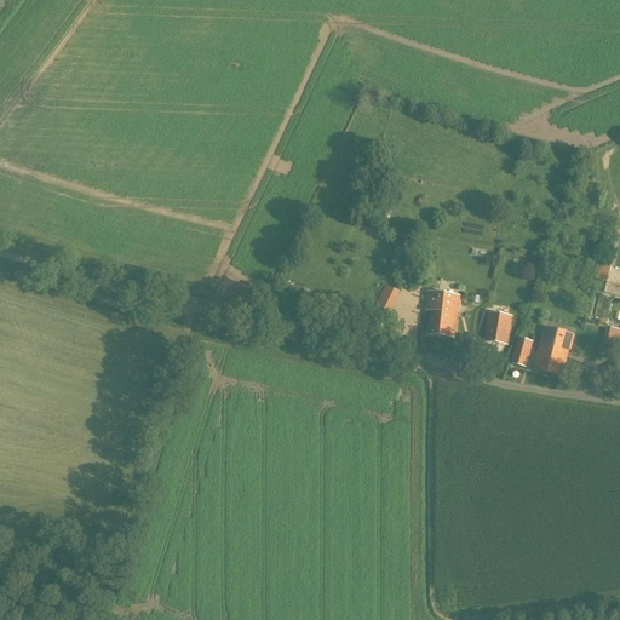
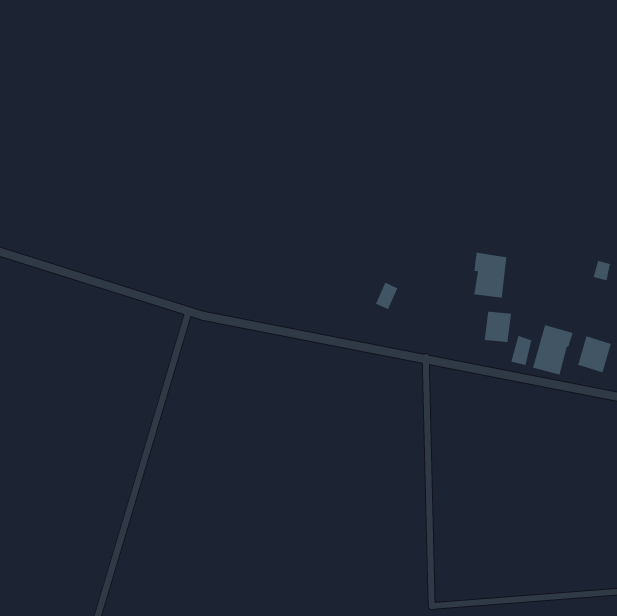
building: [427,289,461,335] -> [473,252,507,298]
building: none -> [578,335,612,373]

